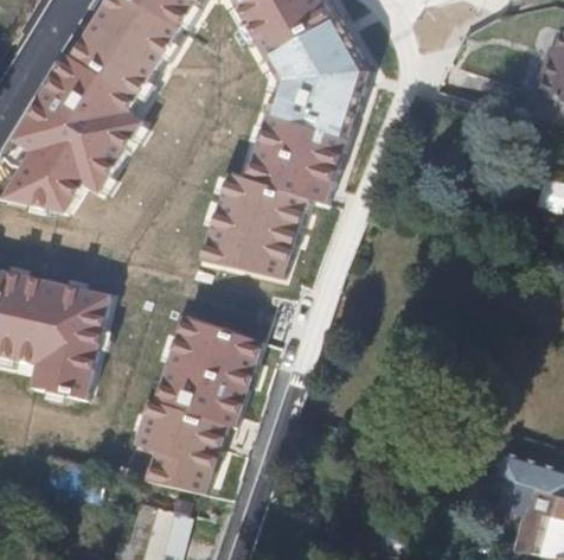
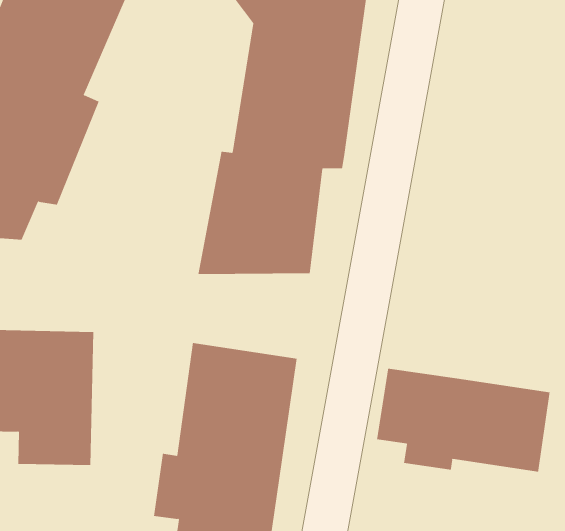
building: none -> [377,368,550,473]

